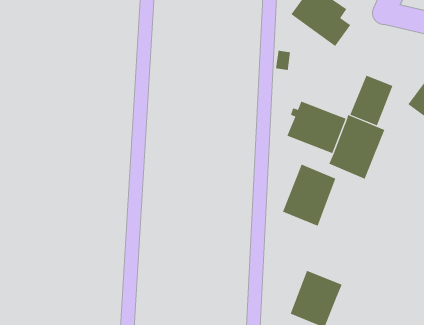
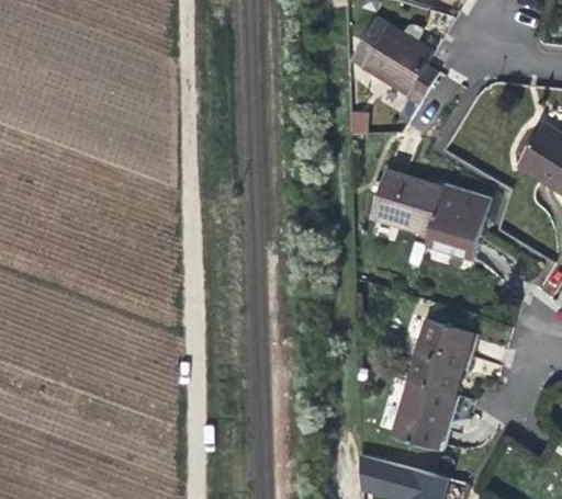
building: [350,75,393,126] -> none
building: [282,164,336,226] -> [408,318,472,394]

